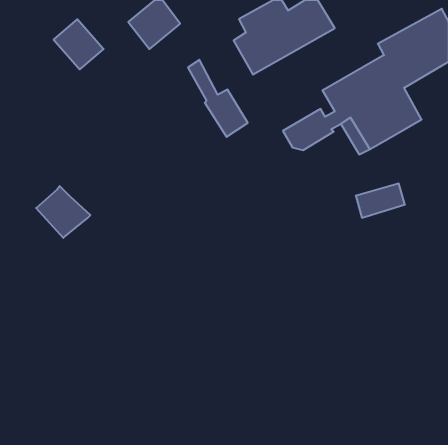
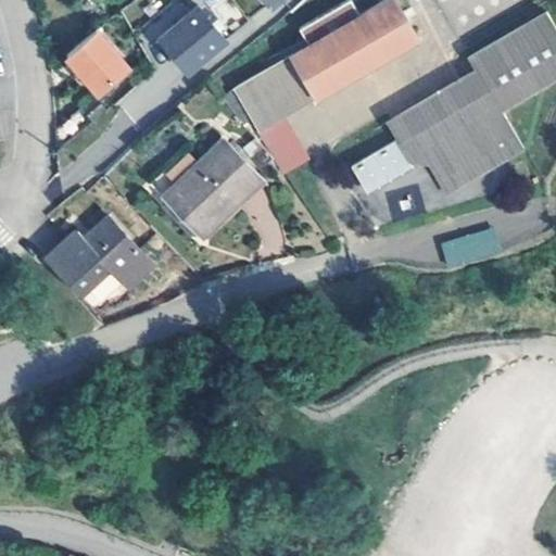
building: none -> [248,54,314,122]
building: none -> [163,140,258,230]
building: none -> [83,219,153,288]

